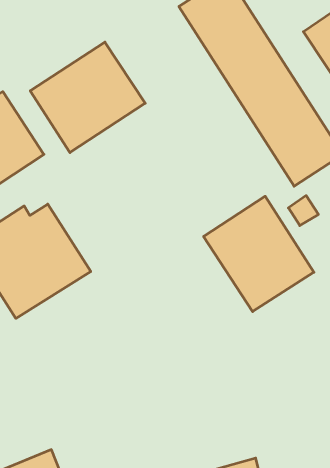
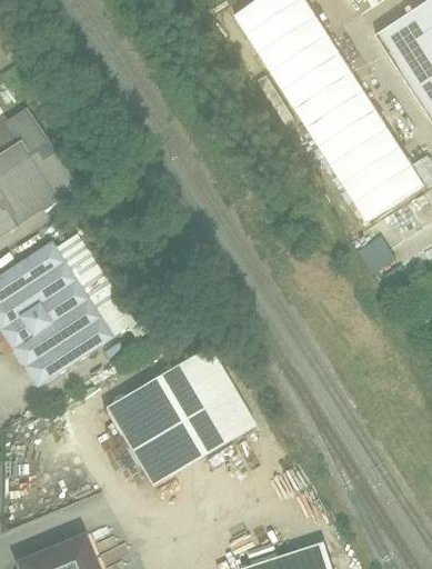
building: [30,42,145,153] -> none
building: [204,196,314,312] -> none
building: none -> [106,350,247,479]

